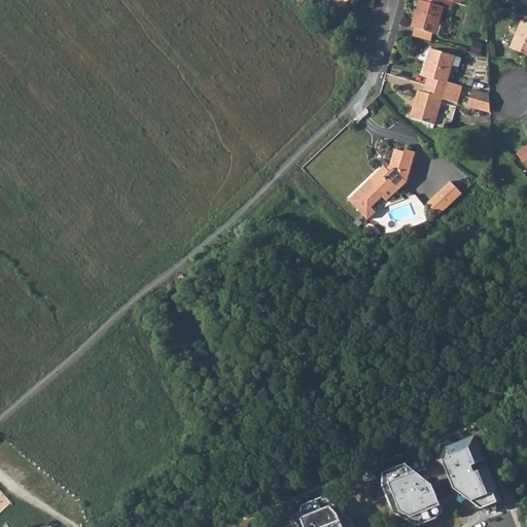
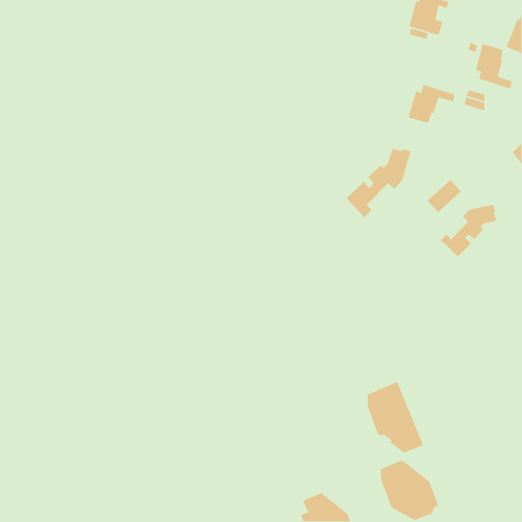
building: [422,48,460,95] -> [475,43,513,89]
building: none -> [440,204,498,257]
building: [444,433,501,506] -> [367,381,424,454]

